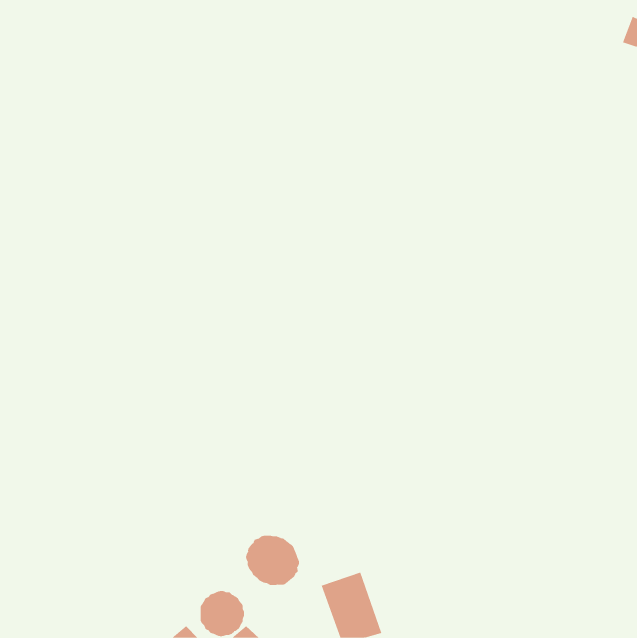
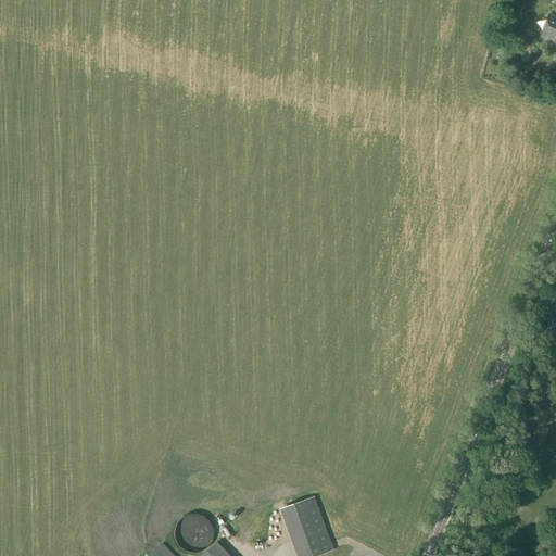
building: [246,535,300,586] -> none

